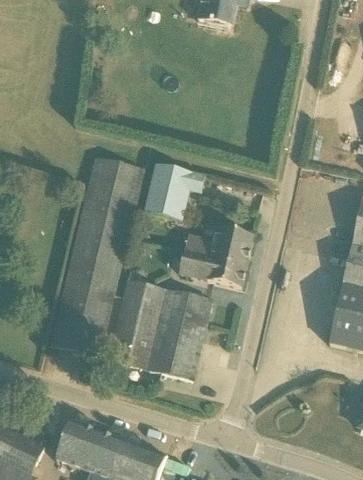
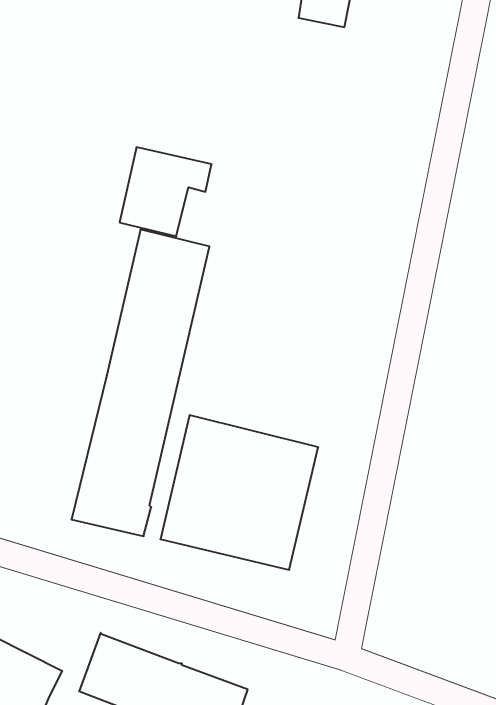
building: [144,163,204,221] -> [120,147,212,236]
building: [180,226,252,286] -> none

